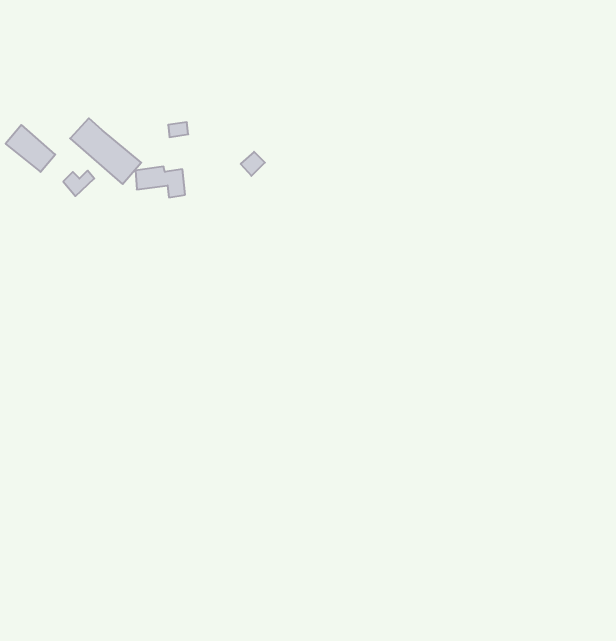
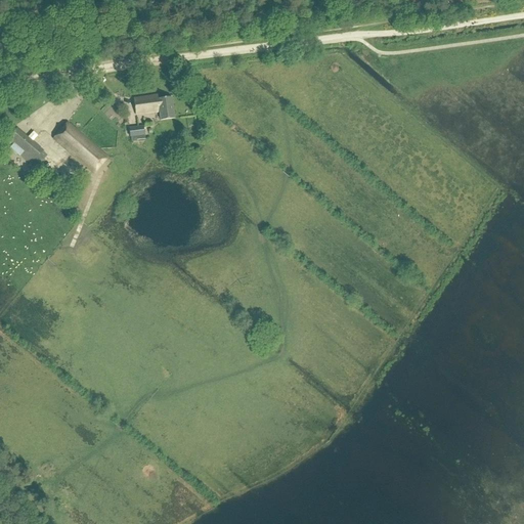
building: [135,167,185,197] -> [136,96,174,120]

